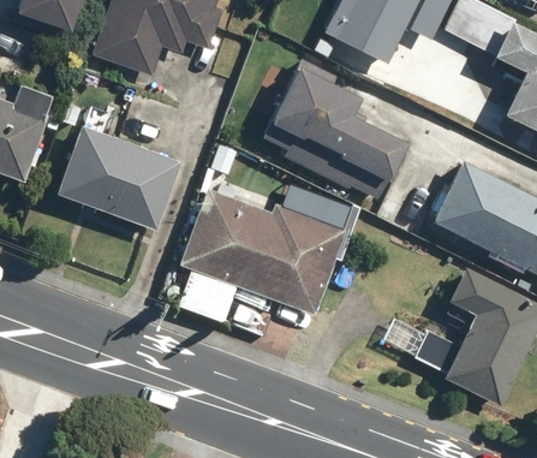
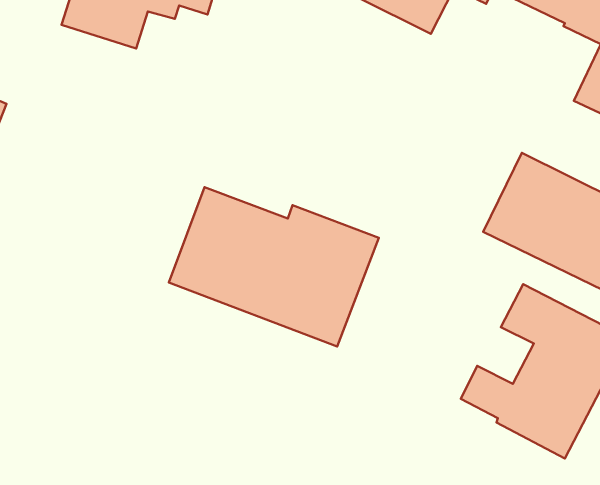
building: [268,70,407,202] -> none
building: [53,124,180,231] -> none

